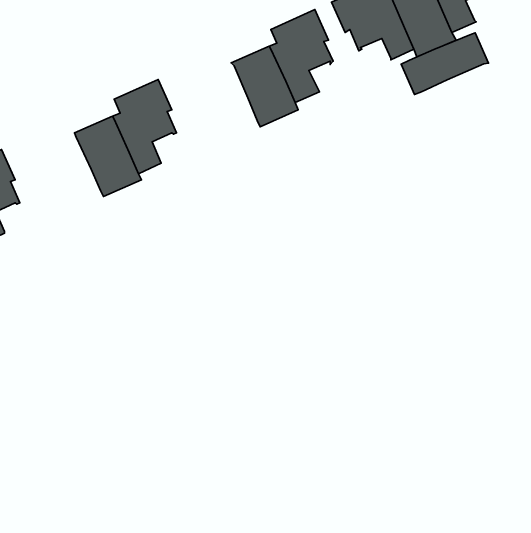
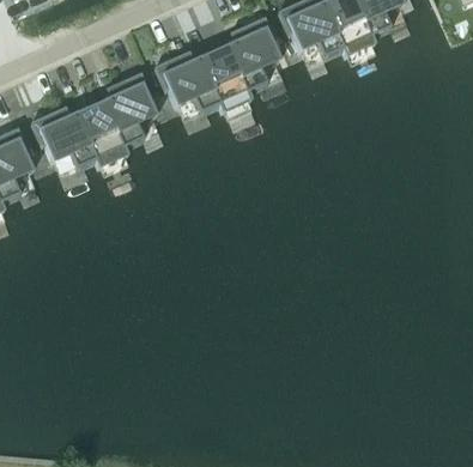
building: [401,33,488,95] -> none
building: none -> [154,51,219,113]
building: none -> [31,108,96,169]

